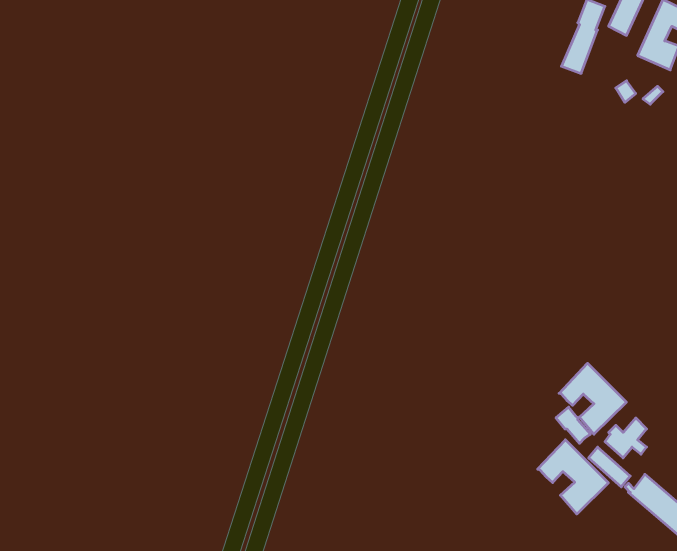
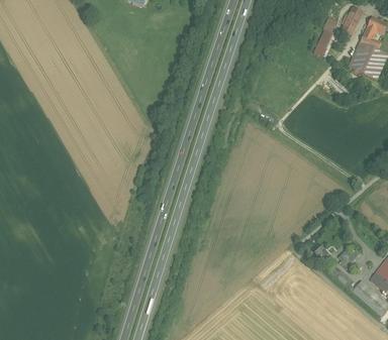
building: [559,363,626,434] -> none
building: [538,440,608,514] -> none

